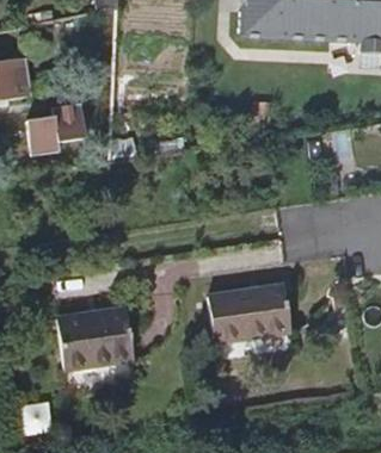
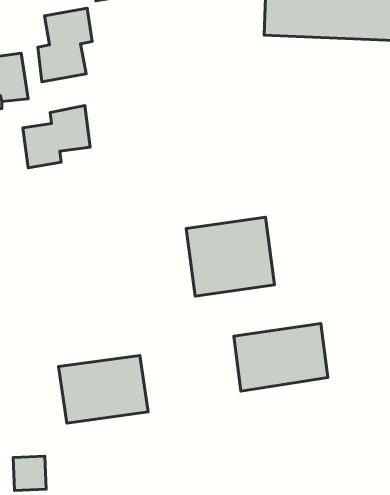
building: none -> [38,8,92,82]
building: none -> [186,217,275,296]

